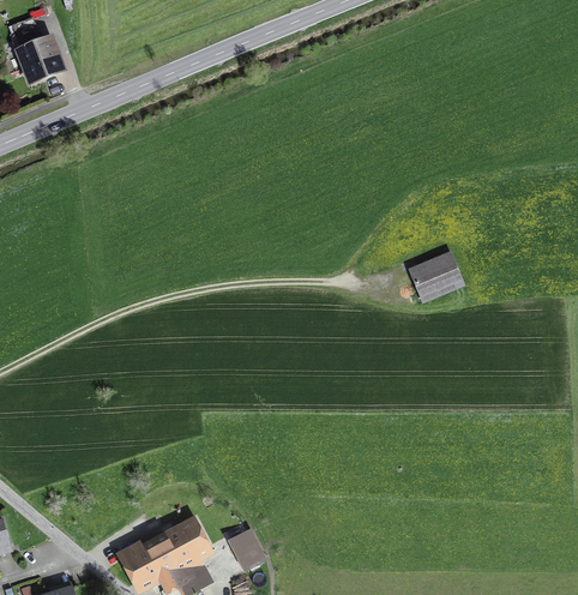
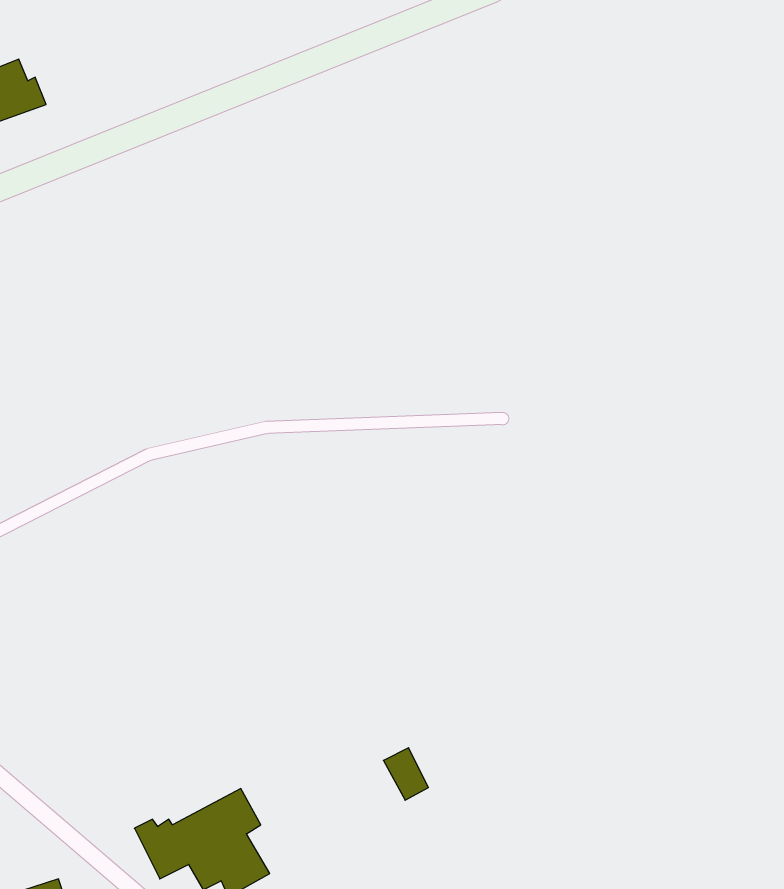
building: [410,253,462,299] -> none
building: [231,531,261,566] -> [383,748,428,800]

